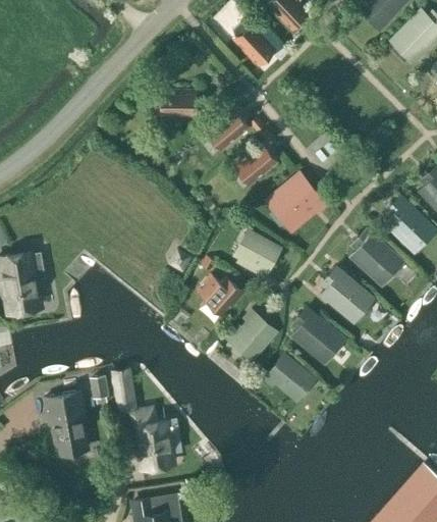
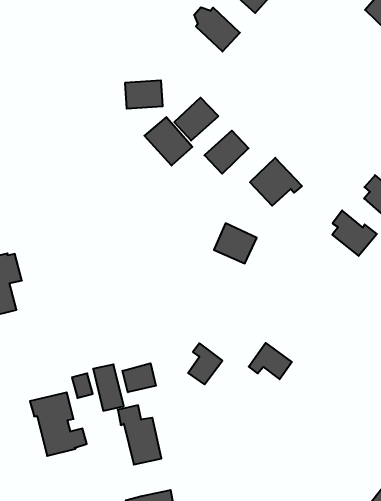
building: none -> [144,117,192,166]
building: [323,270,366,316] -> none
building: [196,275,243,319] -> none
building: [239,312,274,353] -> [188,343,222,384]
building: [294,312,338,357] -> none
building: none -> [122,363,156,392]

